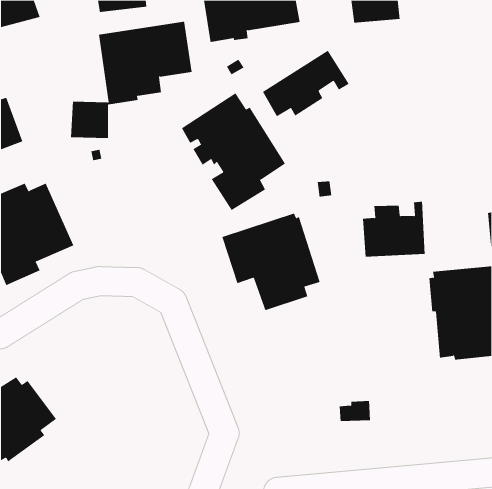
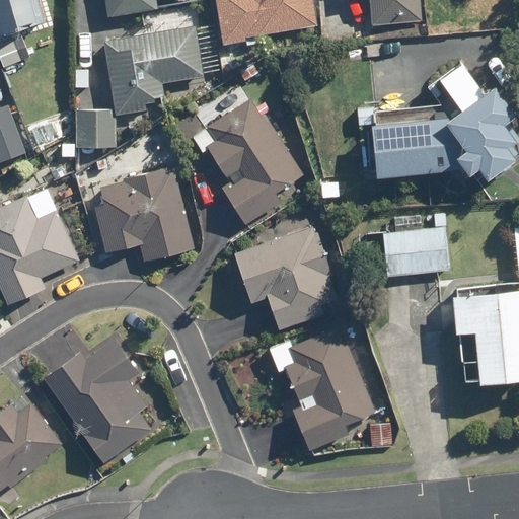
building: [262,50,349,117] -> none
building: none -> [371,82,514,176]
building: none -> [92,167,193,262]
building: none -> [266,327,378,451]
building: none -> [42,340,150,465]

